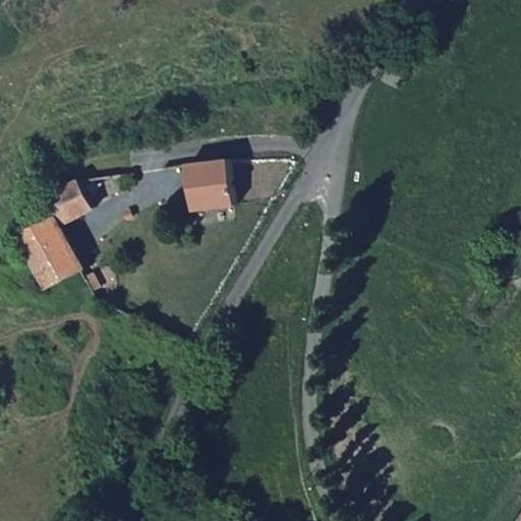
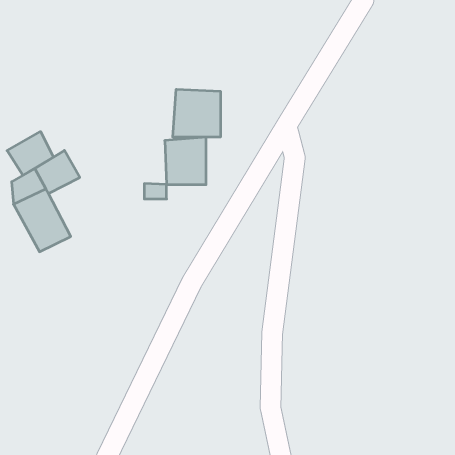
building: none -> [173,89,220,137]
building: none -> [7,132,53,175]

